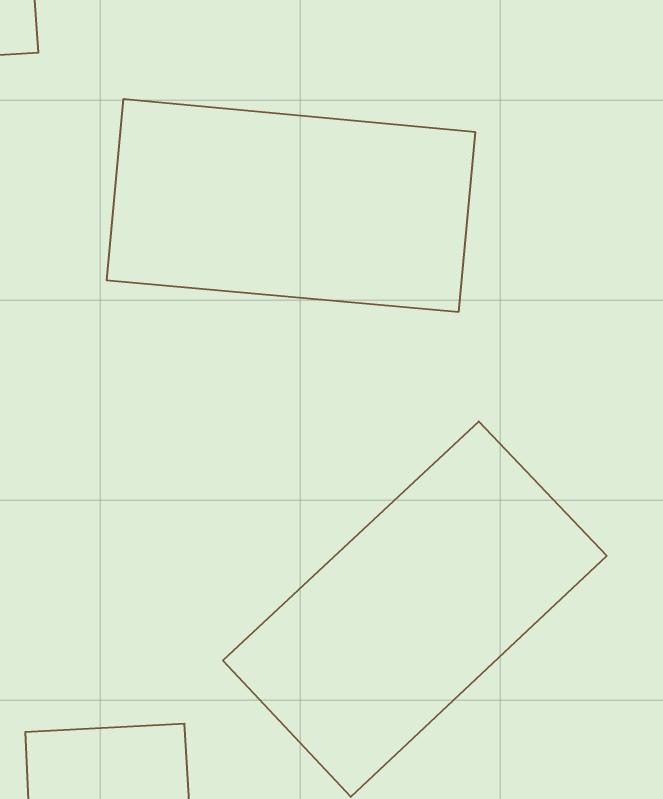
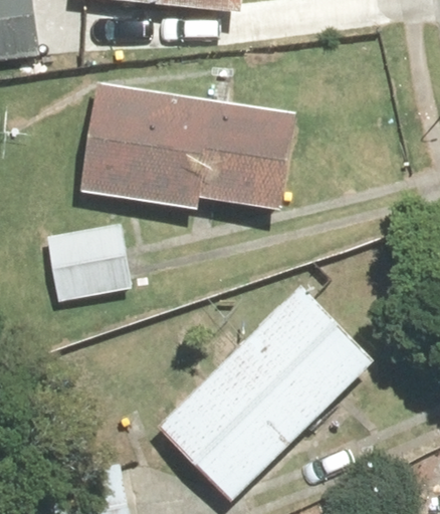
building: none -> [41,223,131,299]

